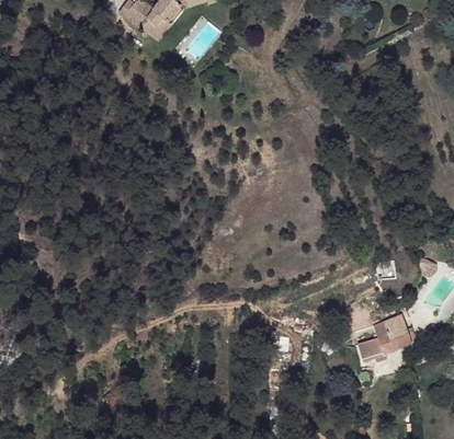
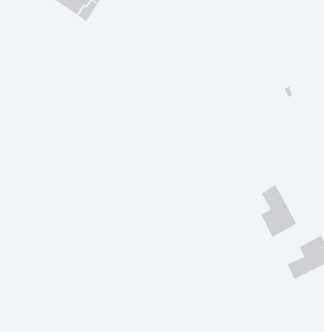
building: none -> [260,184,297,238]

